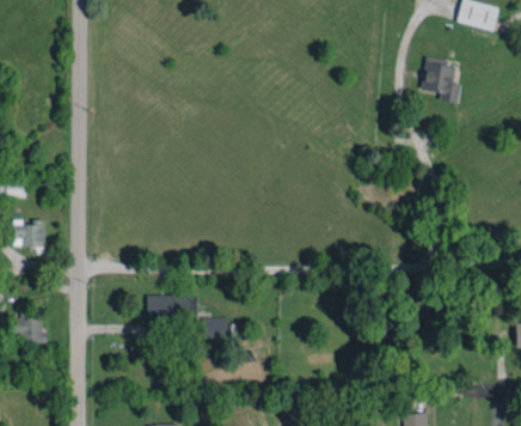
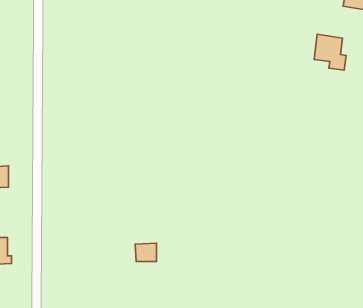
building: [147,296,197,320] -> none

